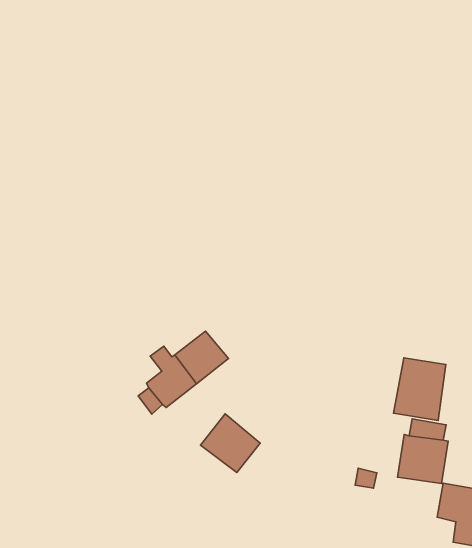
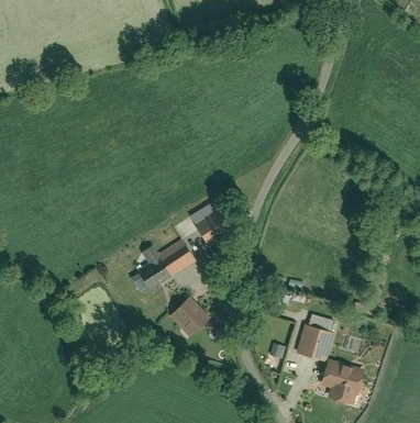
building: none -> [190,200,233,244]
building: [394,358,446,420] -> none

